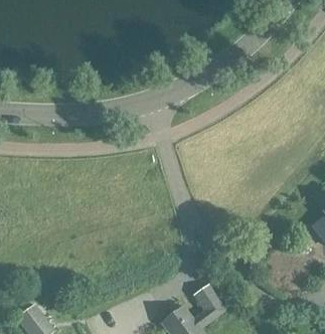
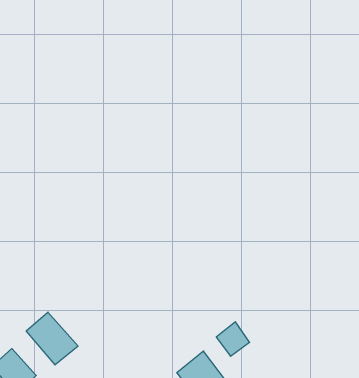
building: none -> [26,312,78,365]

